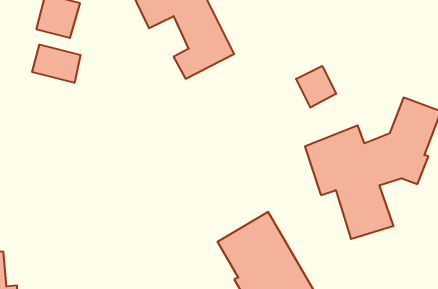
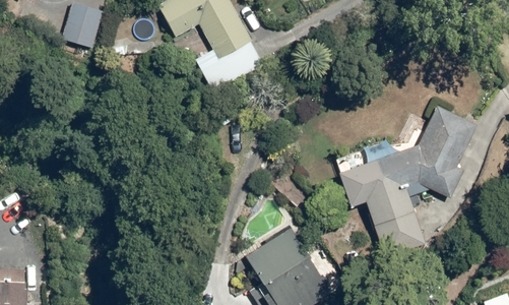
building: [32,45,80,83] -> none
building: [296,66,336,108] -> none

